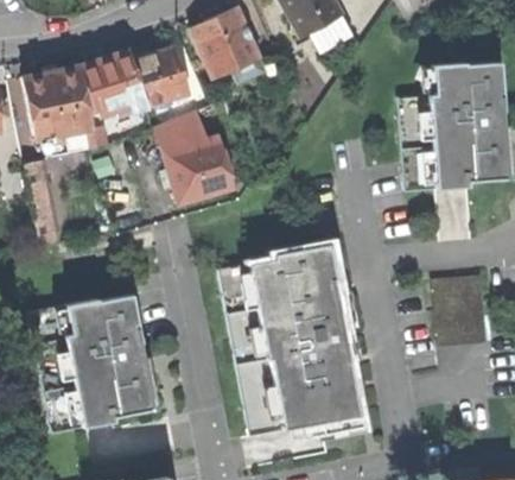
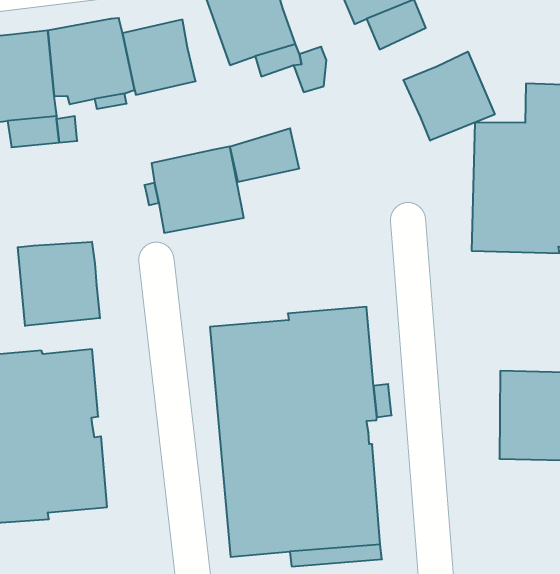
building: none -> [403,52,495,141]
building: [157,110,209,153] -> [230,128,299,182]
building: none -> [18,242,100,326]

